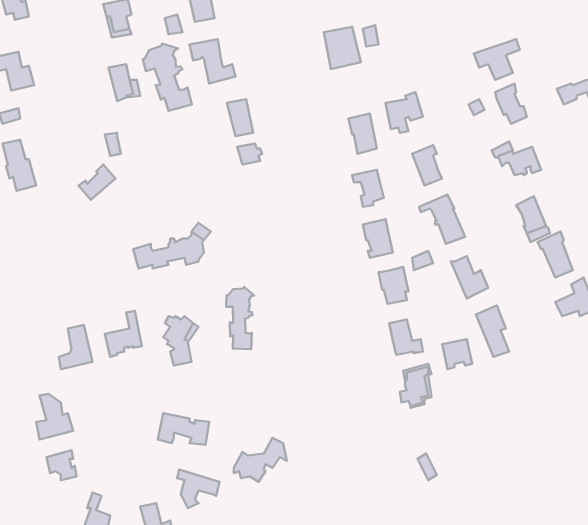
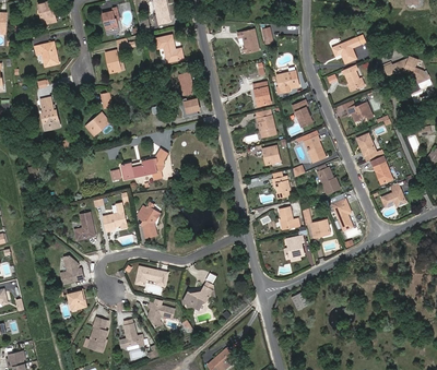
building: [143,44,192,111] -> none
building: [226,287,254,349] -> none

